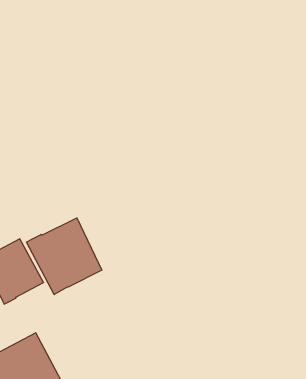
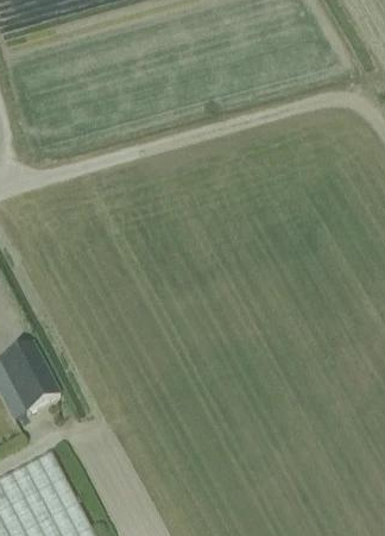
building: [26,218,102,295] -> none

